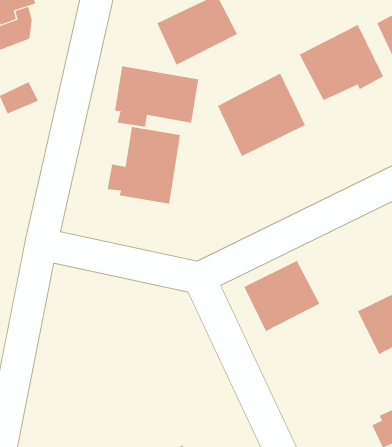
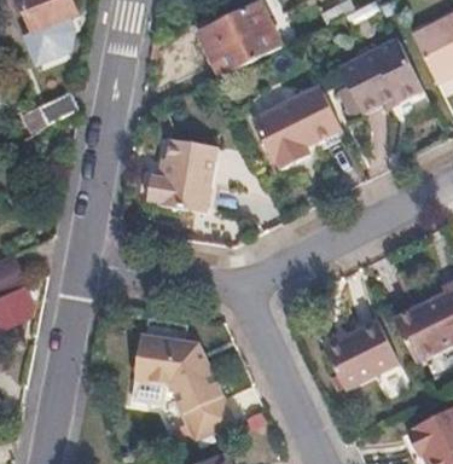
building: [114,66,199,128] -> none
building: [244,260,320,332] -> [324,320,400,392]
building: none -> [130,331,232,441]

